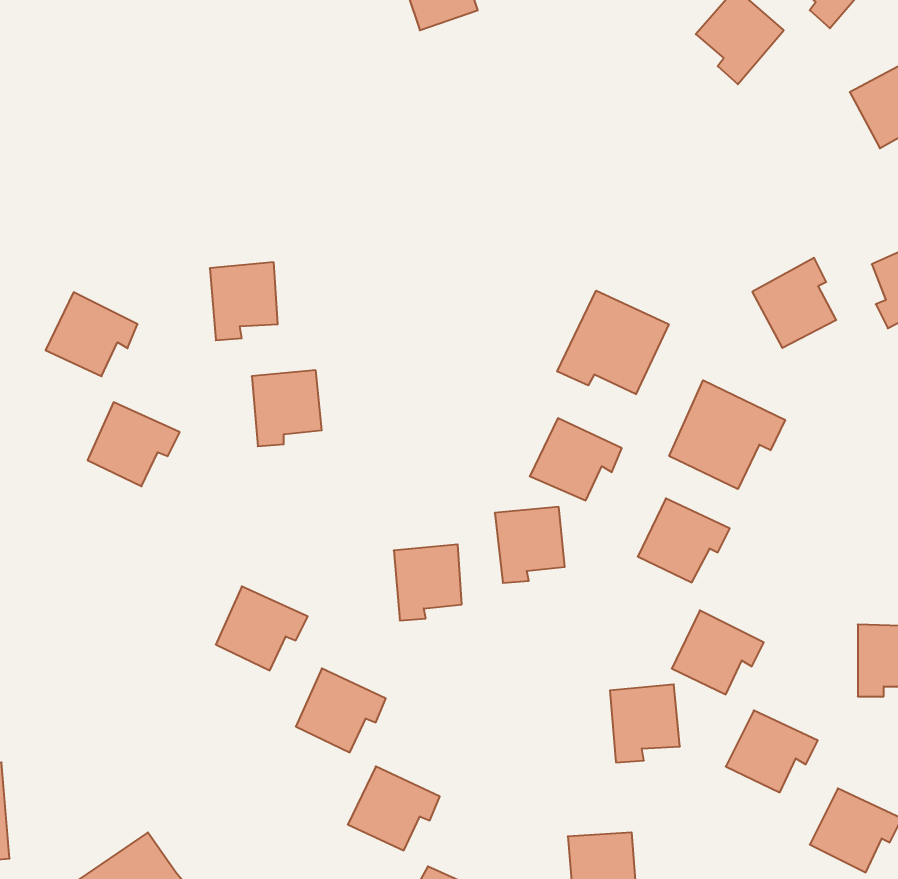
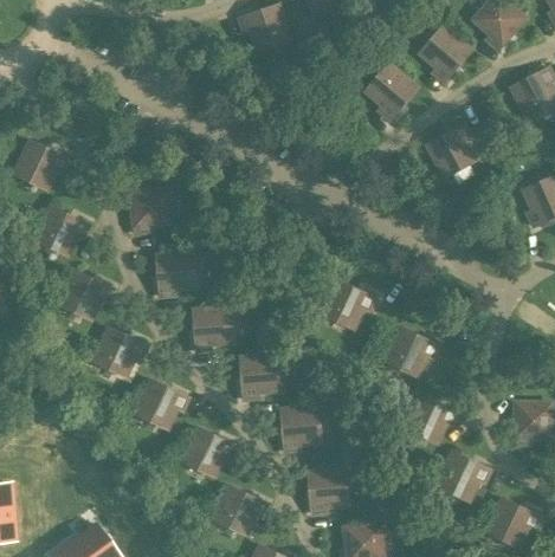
building: none -> [363,63,415,119]
building: none -> [14,140,69,190]
building: [752,258,836,348] -> [426,124,476,177]
building: [557,291,669,394] -> none
building: [669,380,785,489] -> none
building: none -> [193,307,233,352]
building: none -> [92,328,147,377]
building: [495,507,565,583] -> [280,407,322,452]
building: [610,684,680,762] -> [308,468,349,514]

